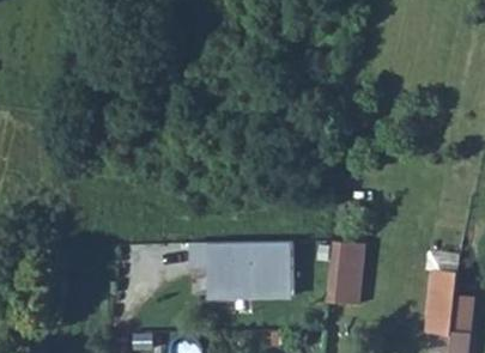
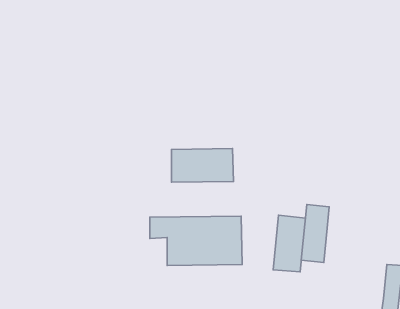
building: none -> [171,149,234,182]
building: [425,270,456,335] -> [301,205,329,262]

